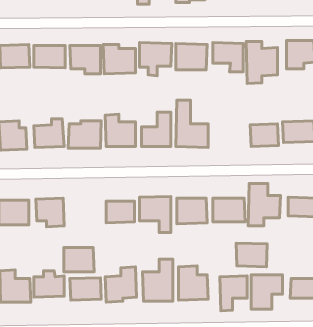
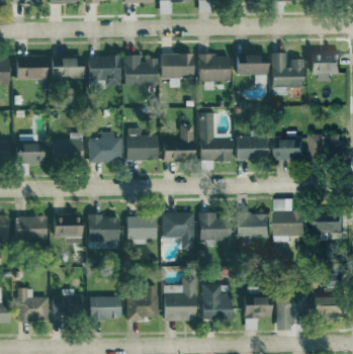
building: none -> [236,136,267,162]
building: [236,243,267,267] -> none
building: [64,247,94,272] -> [88,216,119,242]

